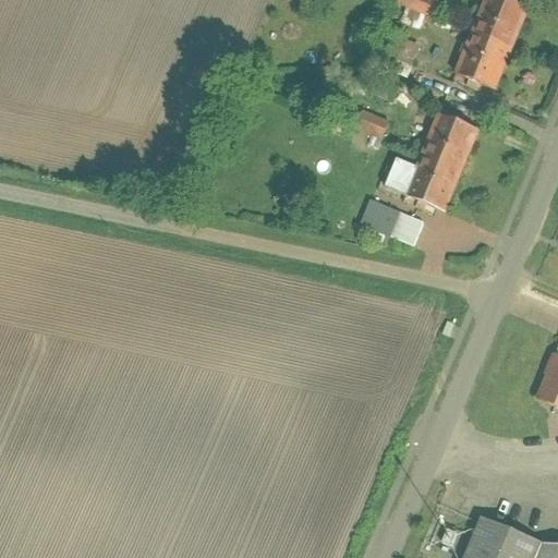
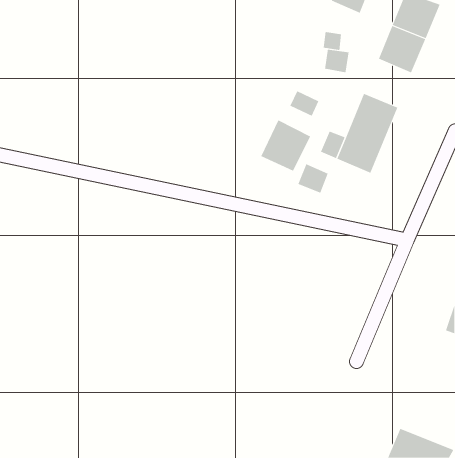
building: none -> [325,49,349,73]
building: none -> [261,120,311,172]
building: [387,209,421,243] -> none

